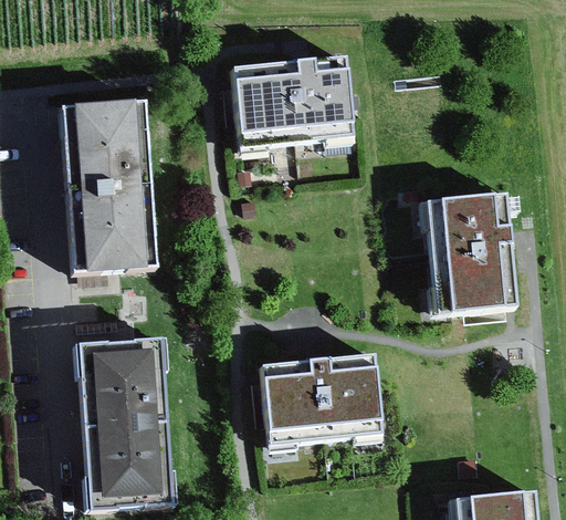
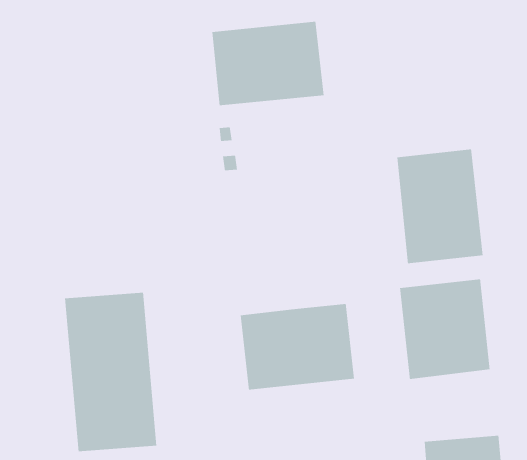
building: [59,98,157,273] -> none
building: none -> [400,279,490,380]

